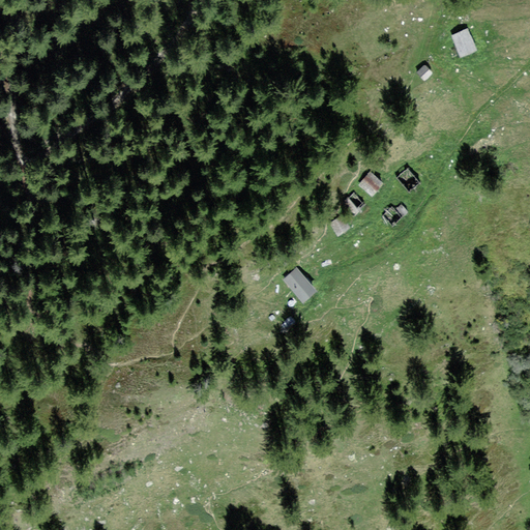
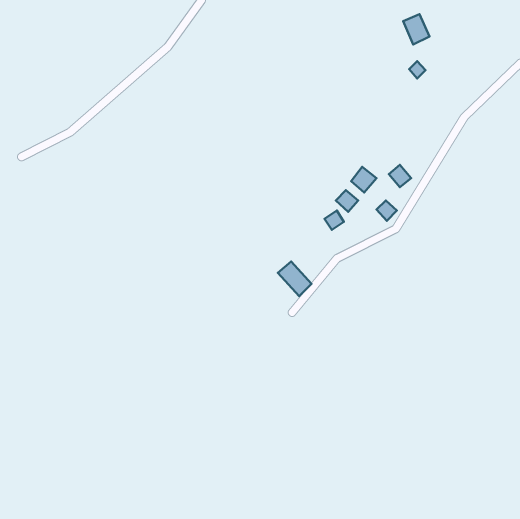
building: [449,28,476,59] -> [403,14,430,45]

